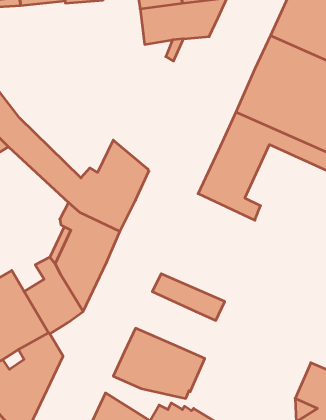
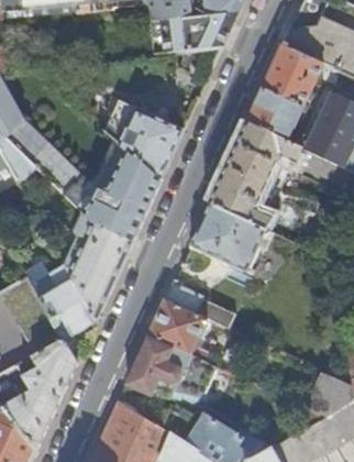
building: none -> [106,100,184,178]
building: none -> [191,202,274,270]
building: none -> [148,299,208,354]

